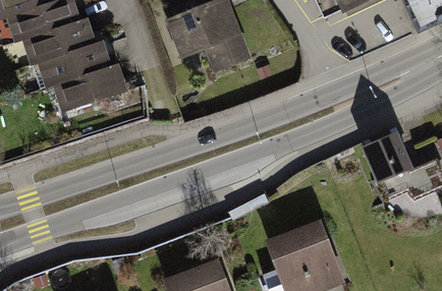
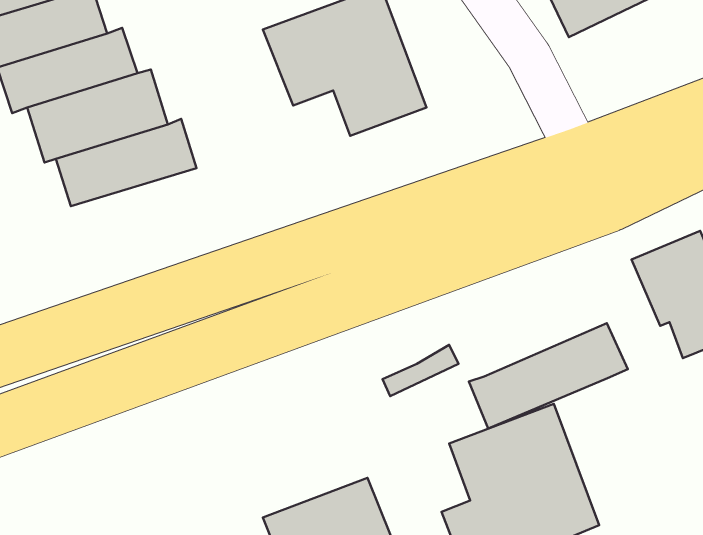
building: none -> [469,323,628,429]

